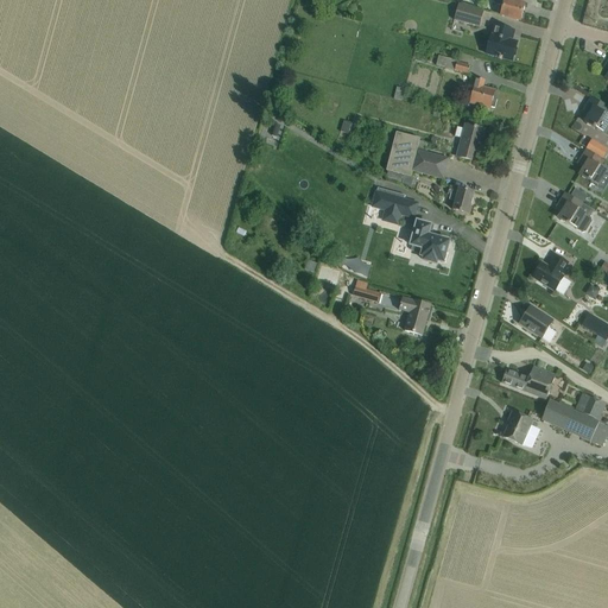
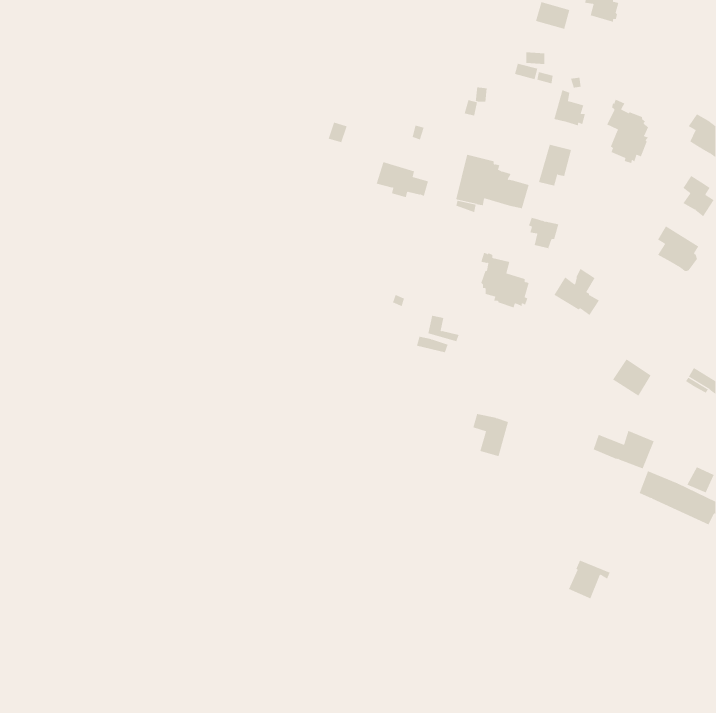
building: [487,24,517,59] -> none
building: none -> [606,99,649,164]
building: [372,185,417,216] -> [376,161,429,198]
building: [532,253,571,293] -> [554,268,600,316]
building: [399,297,430,334] -> [472,413,509,457]
building: [502,410,538,443] -> [568,560,610,599]

